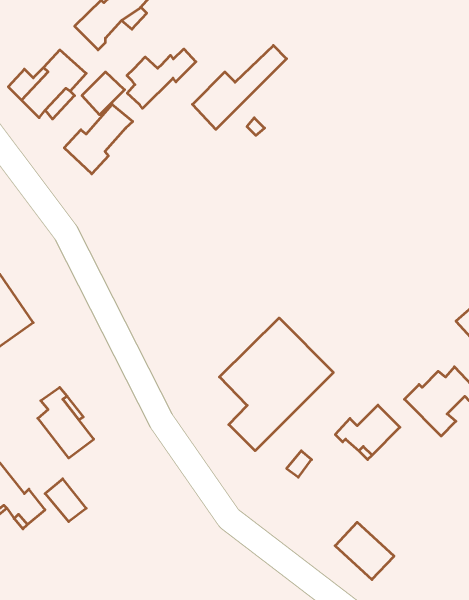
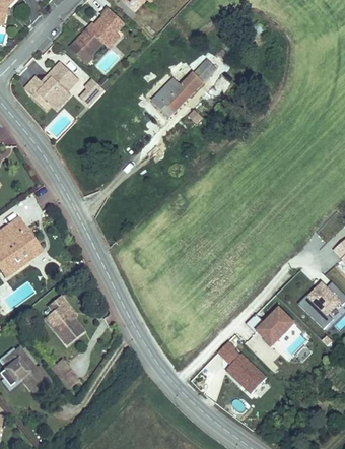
building: [127,49,196,108] -> none
building: [64,104,133,174] -> none
building: [219,318,333,451] -> none
building: [335,522,394,580] -> [225,352,266,392]

